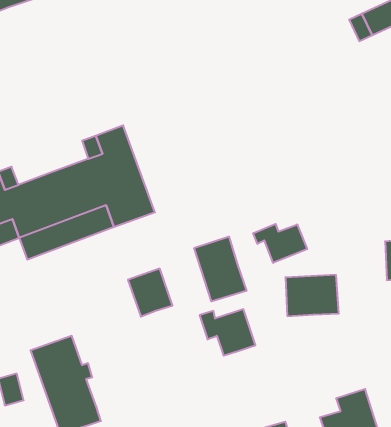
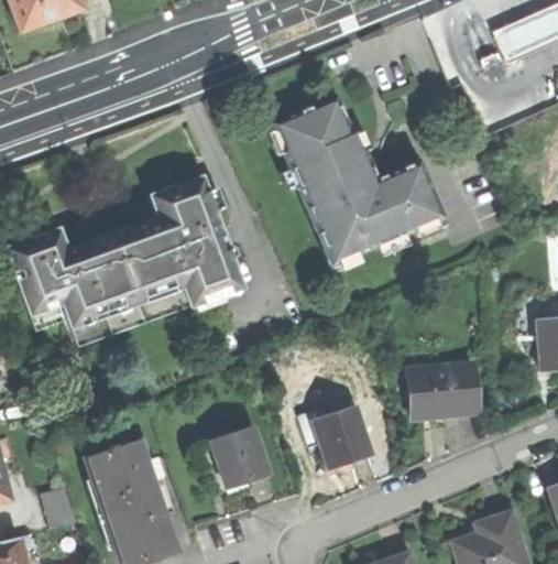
building: none -> [280,98,442,261]
building: [253,224,307,263] -> none
building: [194,237,246,301] -> none
building: [128,269,173,317] -> [212,426,270,488]

